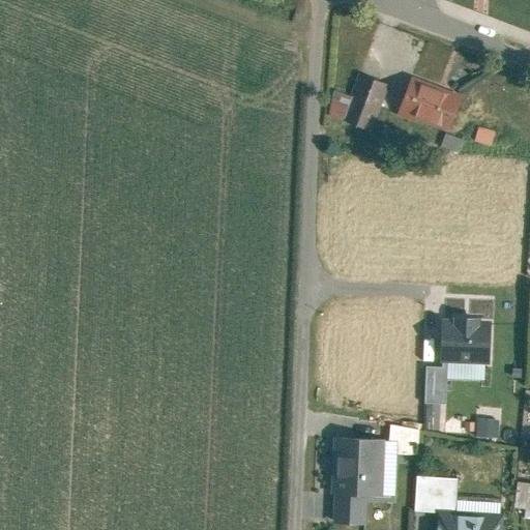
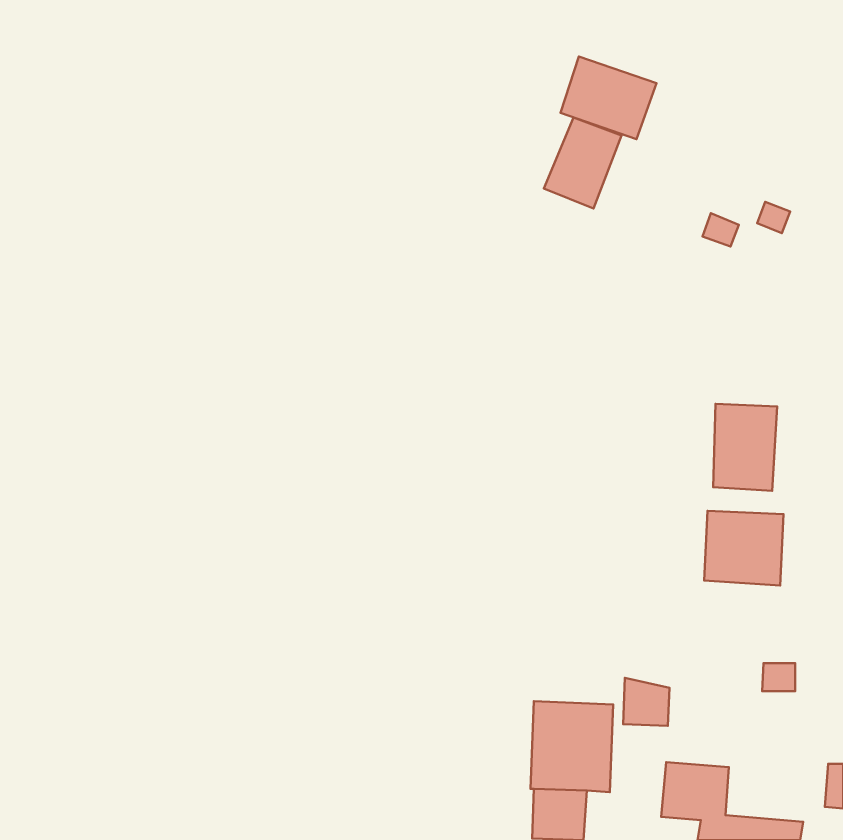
building: [399,80,459,131] -> [561,57,656,139]
building: none -> [713,404,777,491]
building: [424,366,448,406] -> none

